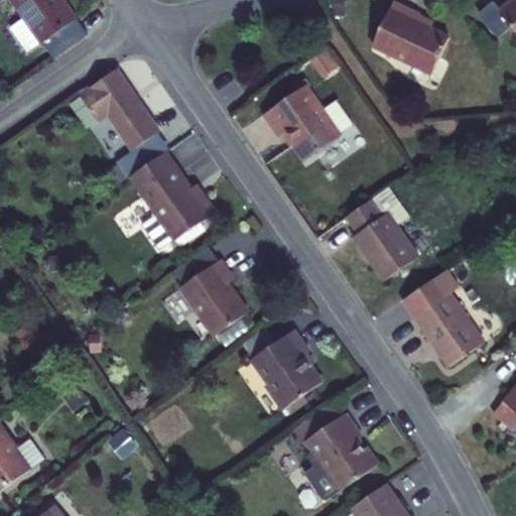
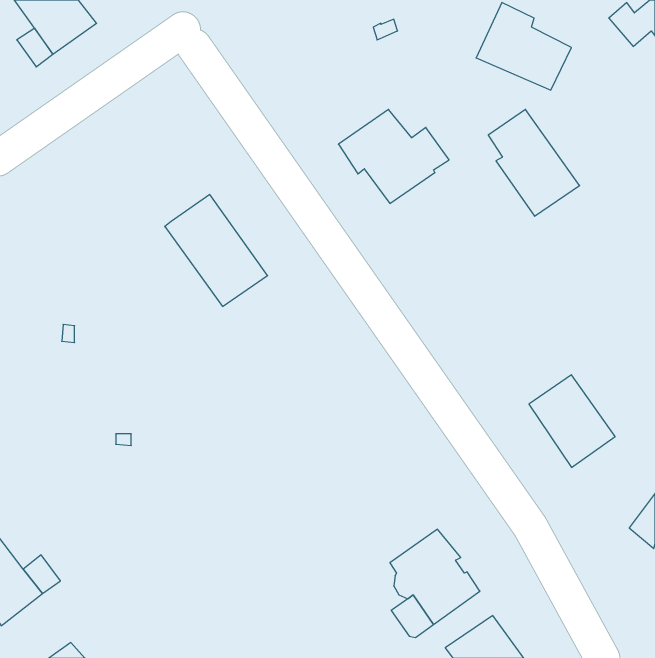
building: [82,71,159,150] -> none
building: [346,197,417,280] -> [488,109,580,216]
building: [179,259,248,335] -> none
building: [402,269,456,316] -> none
building: [252,329,320,408] -> none

